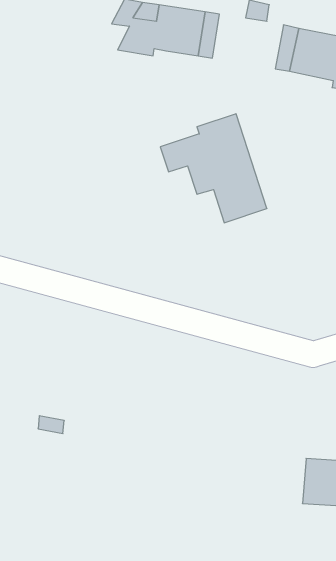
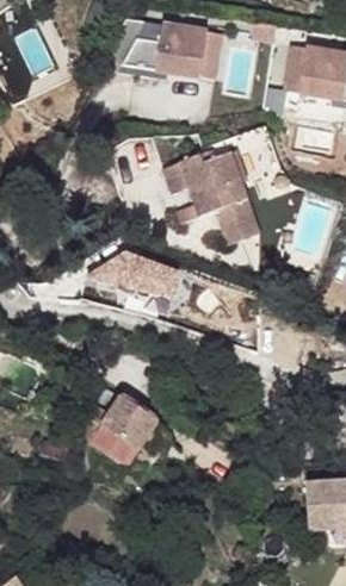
building: none -> [97,245,183,301]
building: none -> [91,393,161,466]

